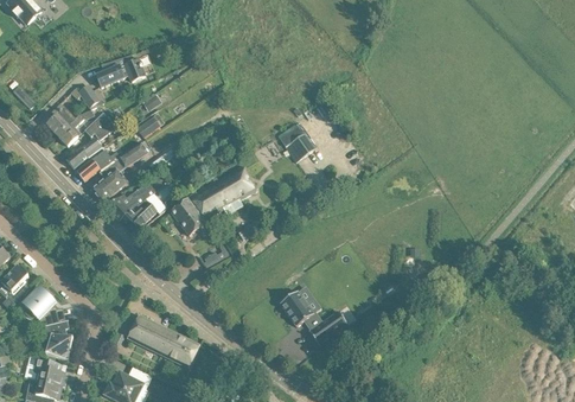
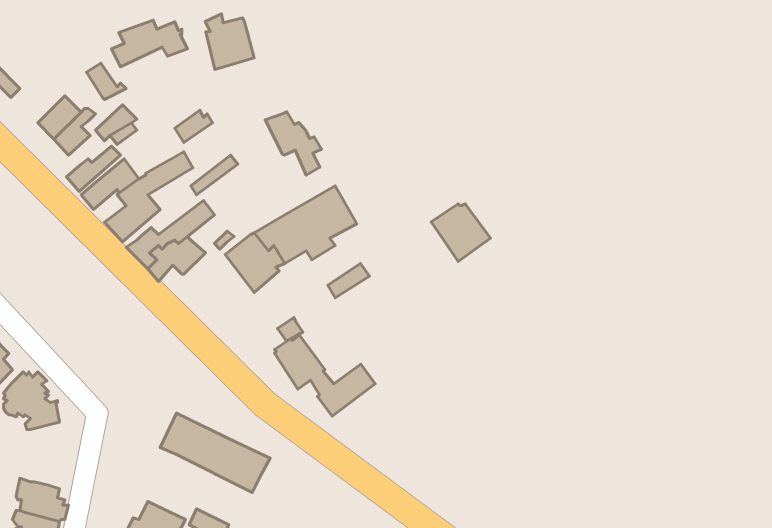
building: none -> [205,14,254,70]
building: none -> [265,112,322,175]
building: [277,123,317,161] -> [431,204,491,261]
building: [280,291,346,344] -> [274,335,375,416]
building: [41,318,72,359] -> none

